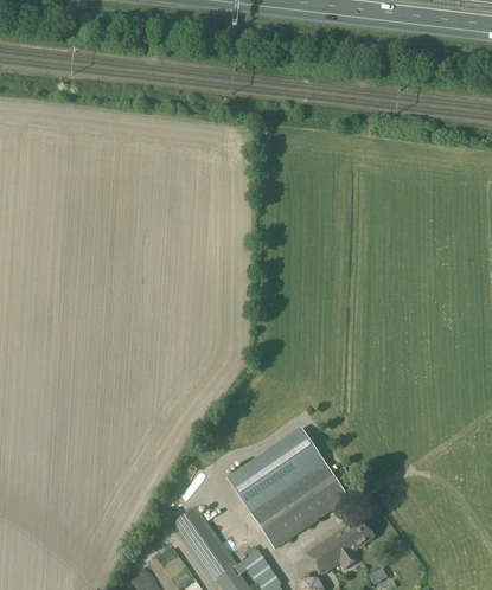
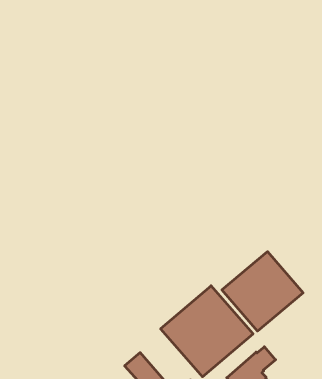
building: none -> [222,252,303,331]

